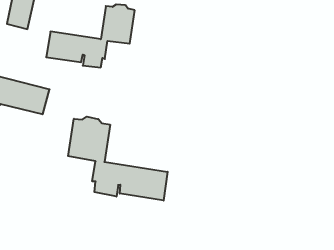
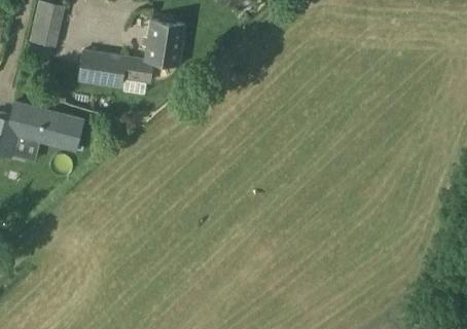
building: [68,117,168,201] -> none

